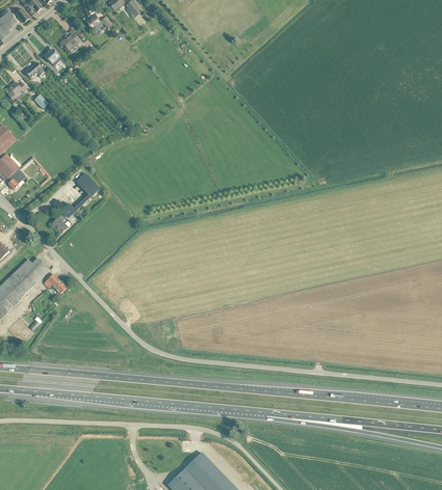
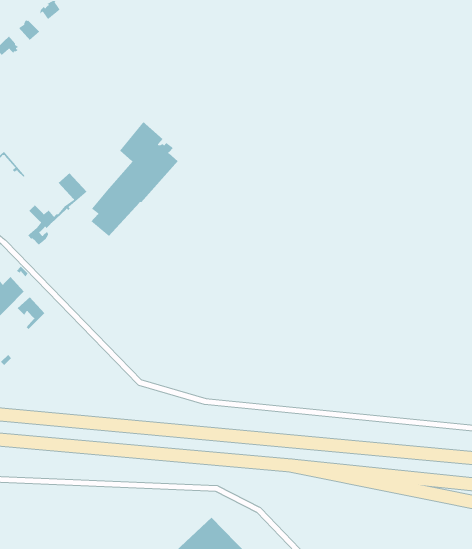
building: none -> [90,121,179,237]

